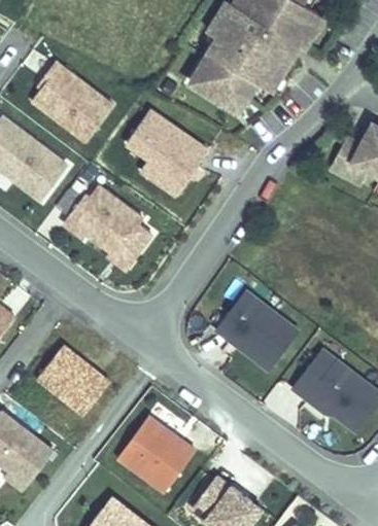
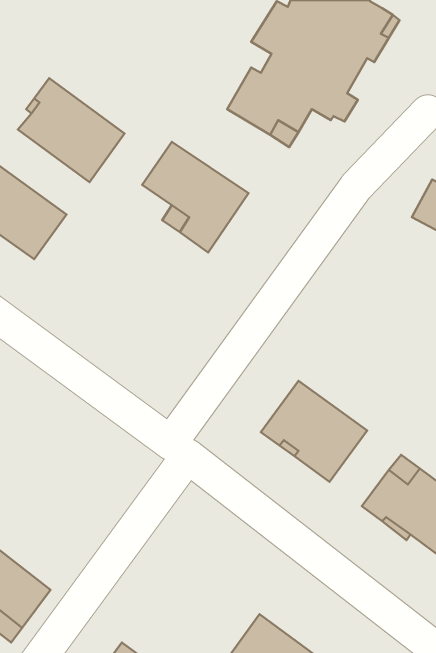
building: [63,186,151,268] -> none
building: [37,342,109,412] -> none
building: [117,412,195,488] -> none

